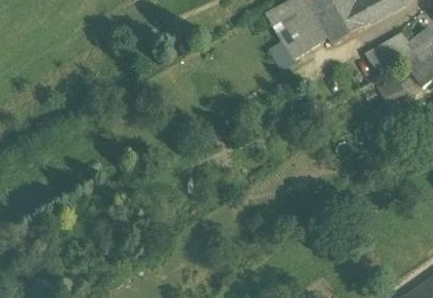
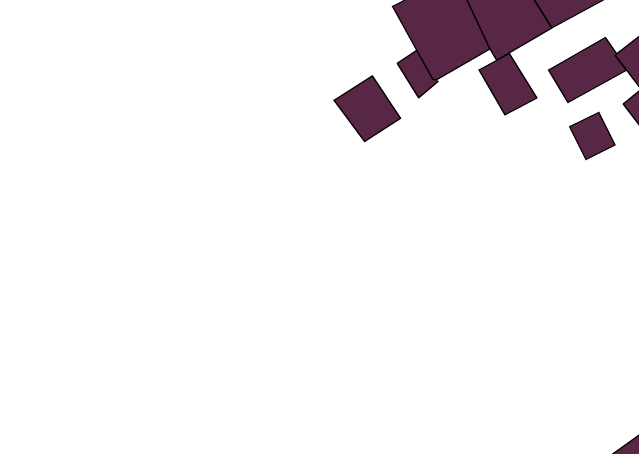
building: none -> [479,53,537,115]
building: none -> [334,76,401,142]

